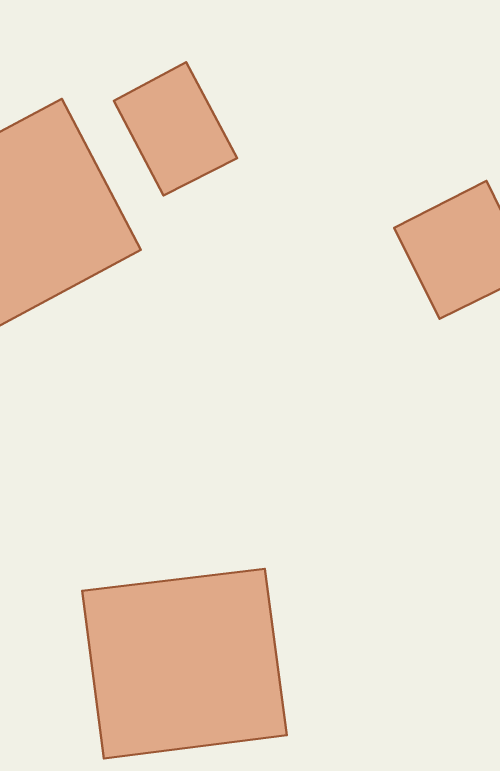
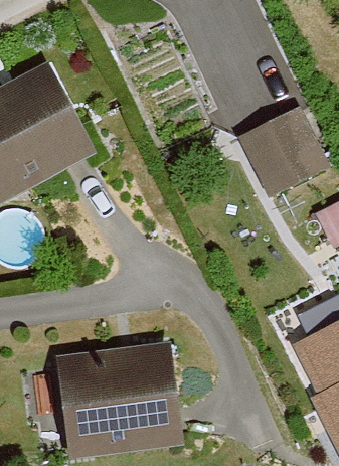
building: [114,62,237,195] -> none

